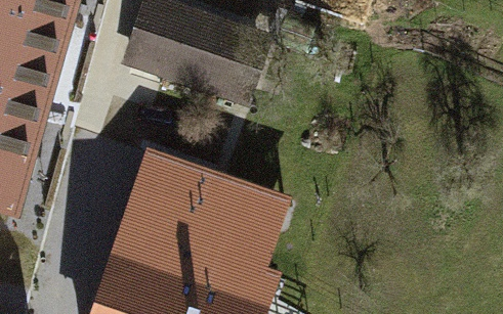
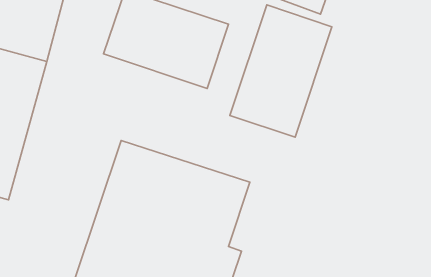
building: none -> [230,5,332,137]

